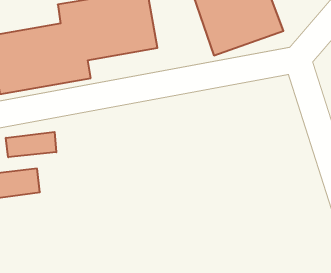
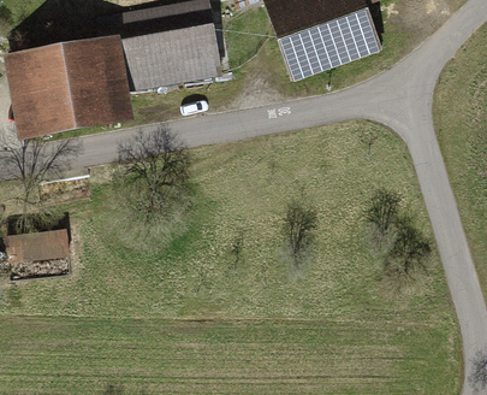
building: [6,132,56,157] -> none

